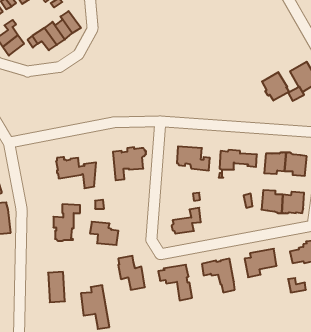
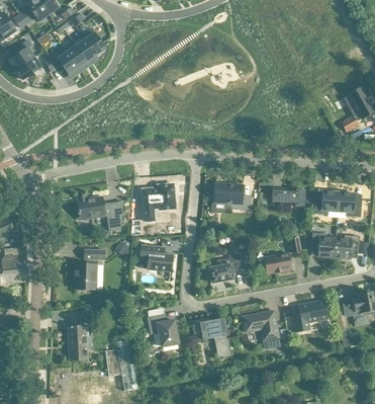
building: [262,72,289,101] -> none
building: none -> [264,253,291,273]
building: [90,222,118,245] -> [139,245,172,271]

